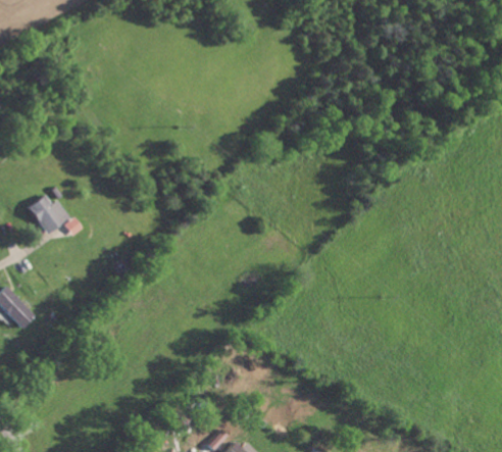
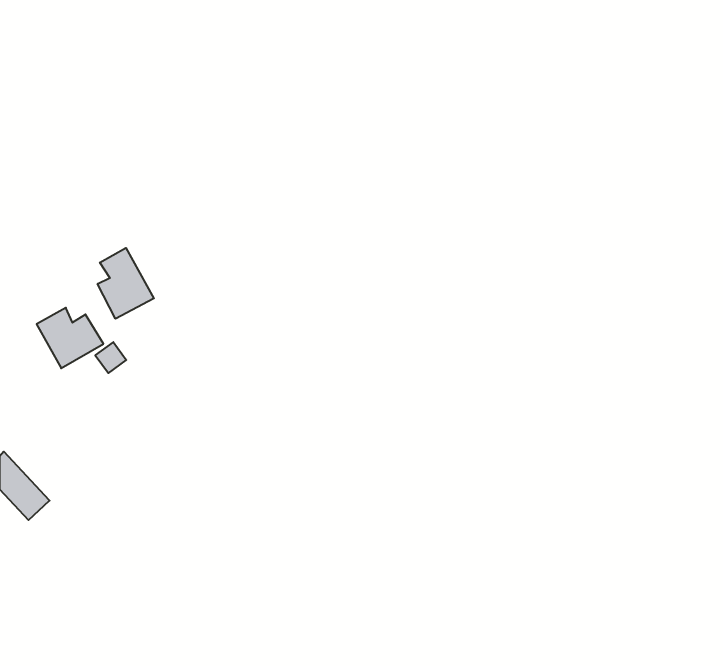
building: none -> [98,248,154,319]

